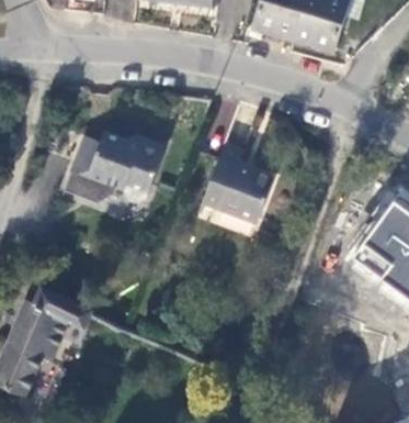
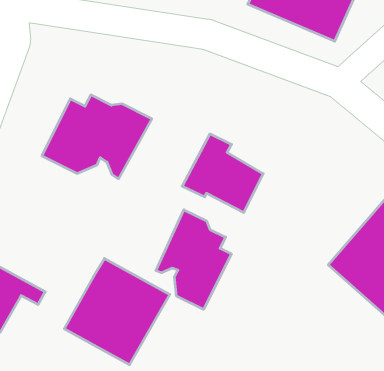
building: none -> [156,210,231,309]
building: none -> [64,258,170,365]

